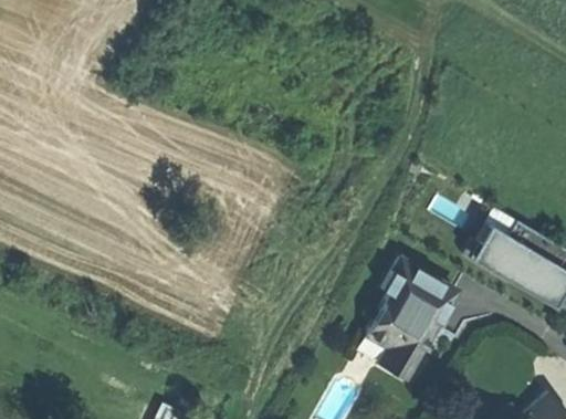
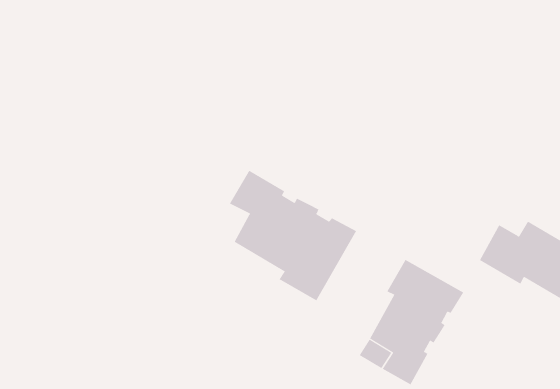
building: none -> [229,170,357,301]

